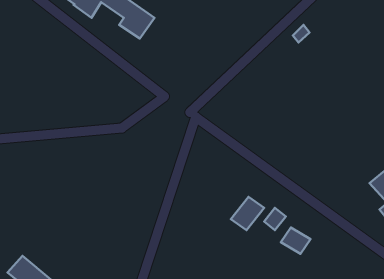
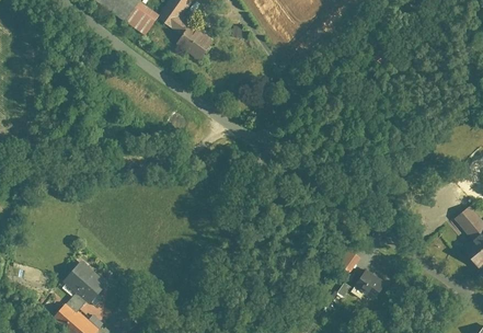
building: [231,197,264,230] -> none
building: none -> [64,261,108,305]

